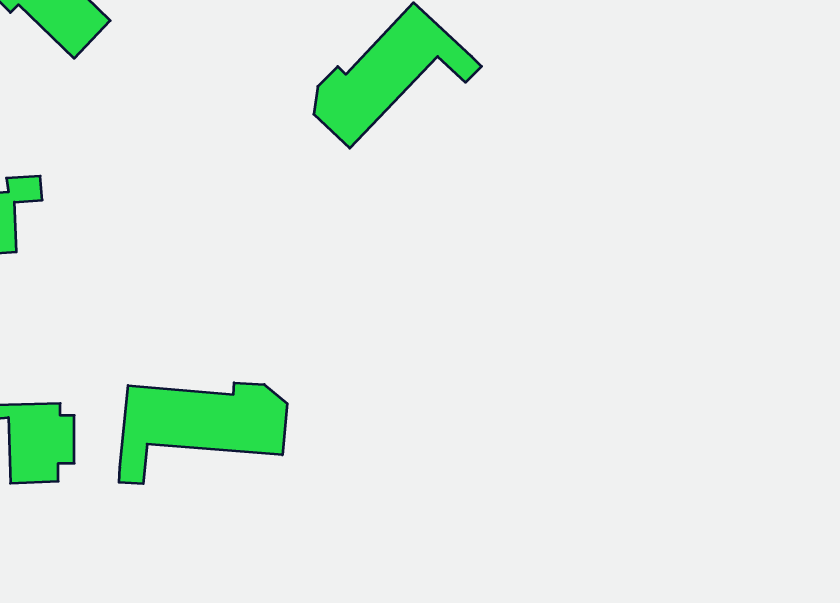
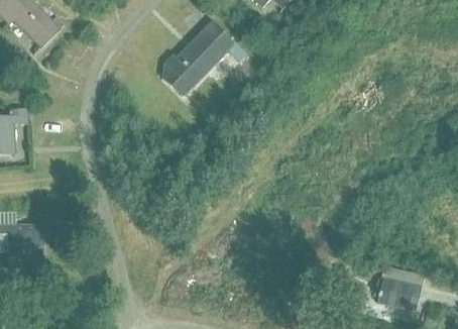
building: [119,383,287,484] -> none
building: none -> [375,275,422,308]

